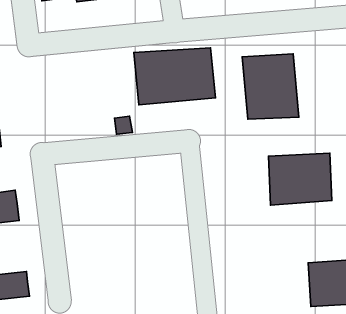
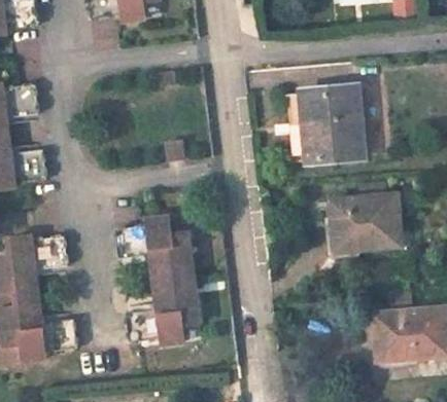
building: [134,48,215,105] -> none
building: none -> [112,213,201,343]

